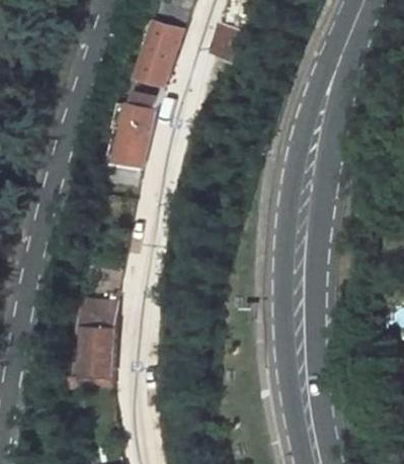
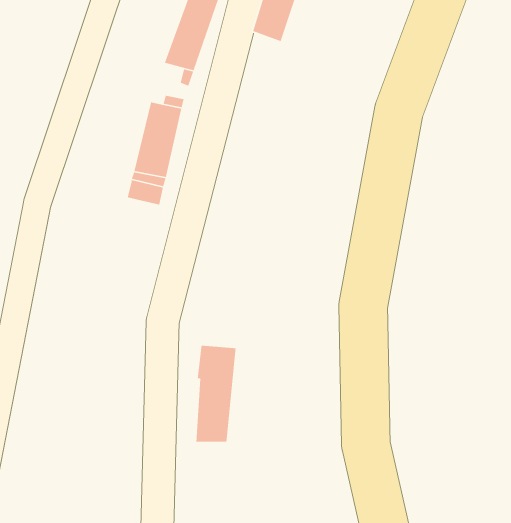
building: [82,299,113,374] -> [196,345,237,443]

